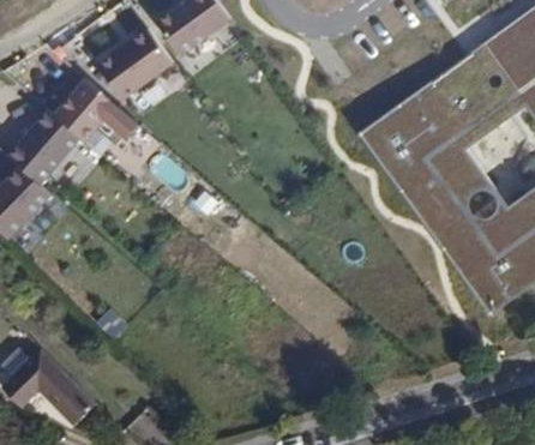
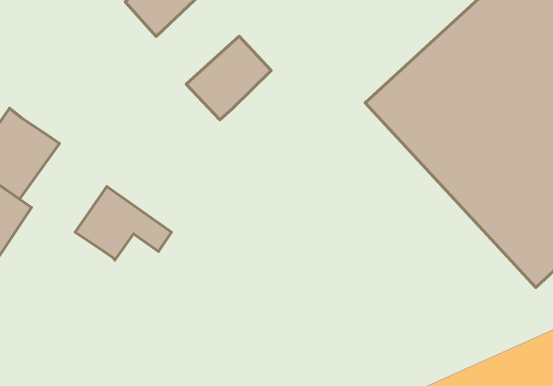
building: [96,25,173,97] -> [186,36,271,120]
building: [52,77,137,143] -> [75,187,171,260]

